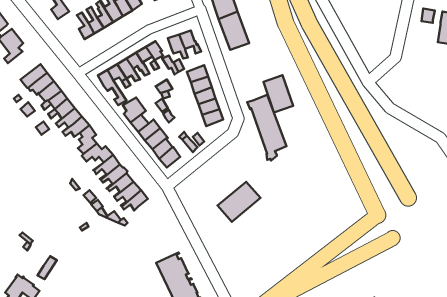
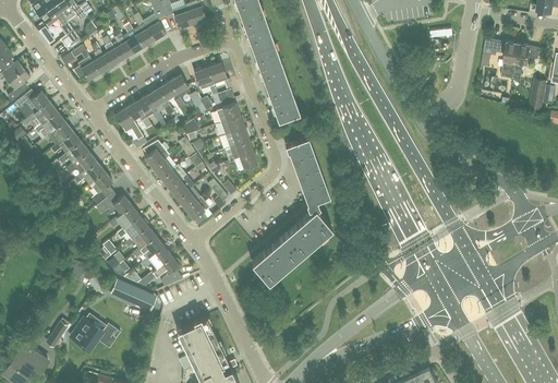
building: none -> [71,45,99,80]
building: none -> [14,89,49,119]
building: [263,75,293,113] -> [265,77,299,120]
building: none -> [283,206,331,254]
building: none -> [151,255,182,286]
building: none -> [111,279,154,310]
building: none -> [70,313,120,354]

